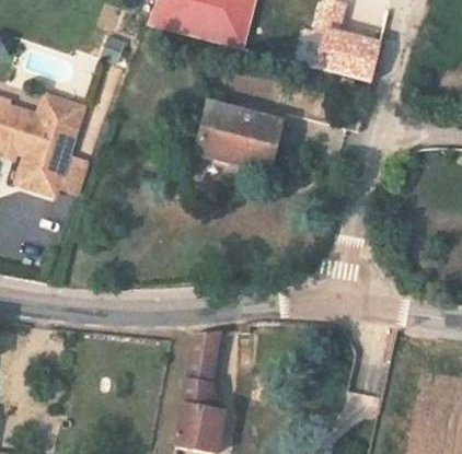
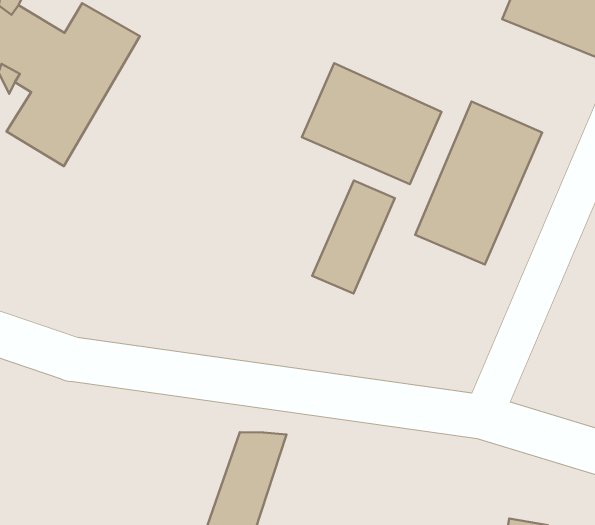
building: none -> [415,102,542,264]
building: none -> [312,180,395,294]

